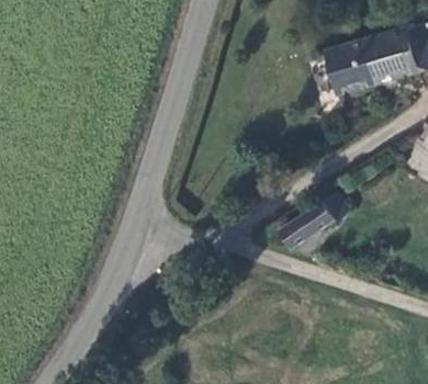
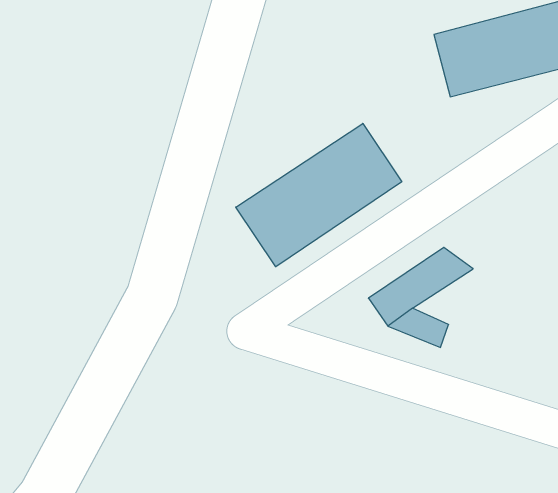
building: none -> [236,123,402,267]

